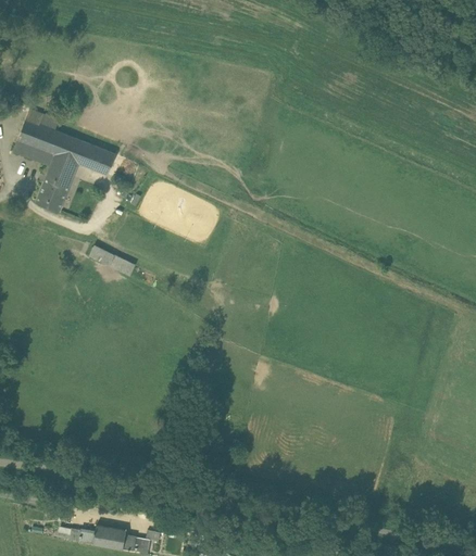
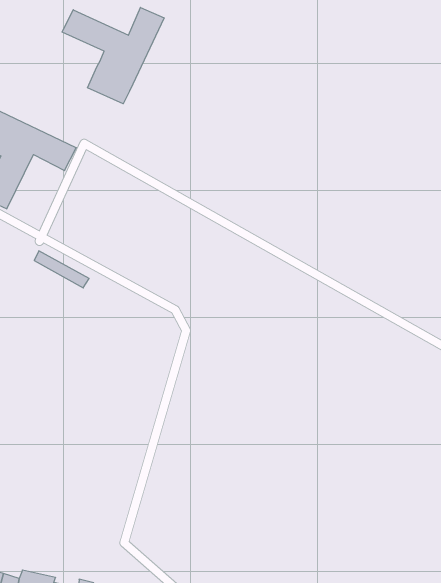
building: none -> [62,7,164,104]

